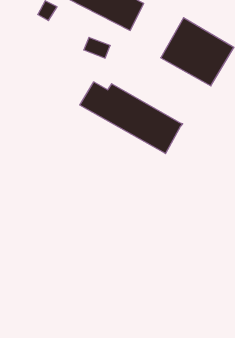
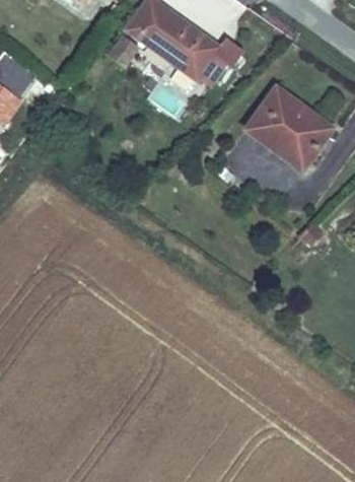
building: [80,82,183,154] -> none

